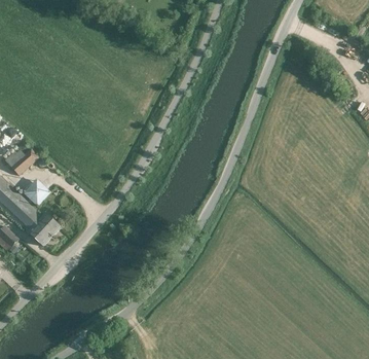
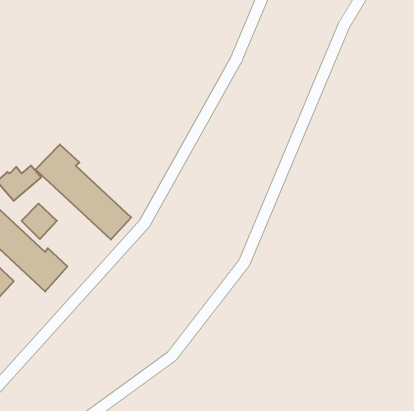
building: none -> [36,144,131,240]

